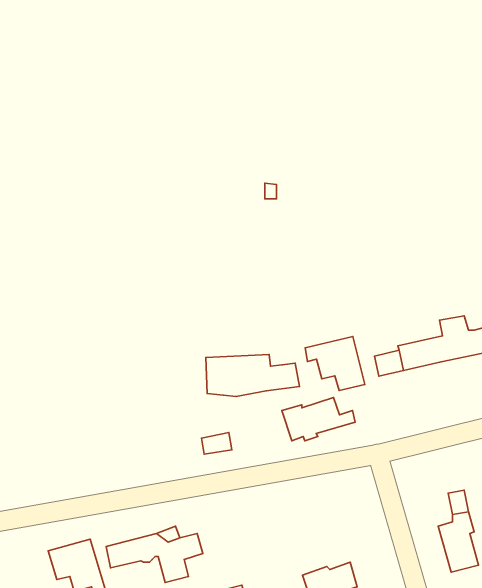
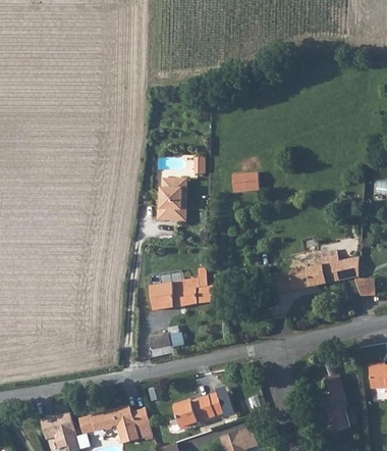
building: none -> [228,174,256,193]
building: none -> [157,179,185,221]
building: [305,336,365,390] -> none
building: [282,398,355,441] -> [173,394,225,424]

